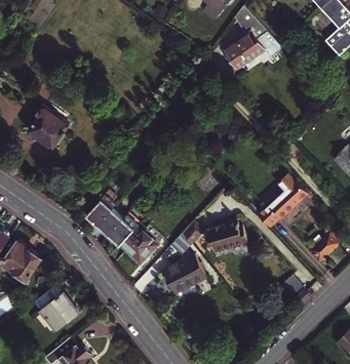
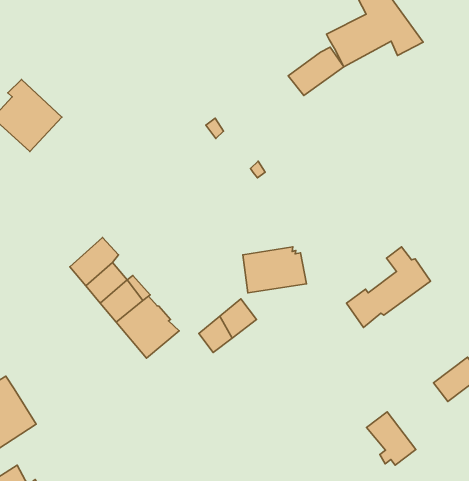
building: none -> [288,47,344,96]
building: [207,219,248,251] -> [243,247,306,293]
building: [163,254,206,293] -> none

